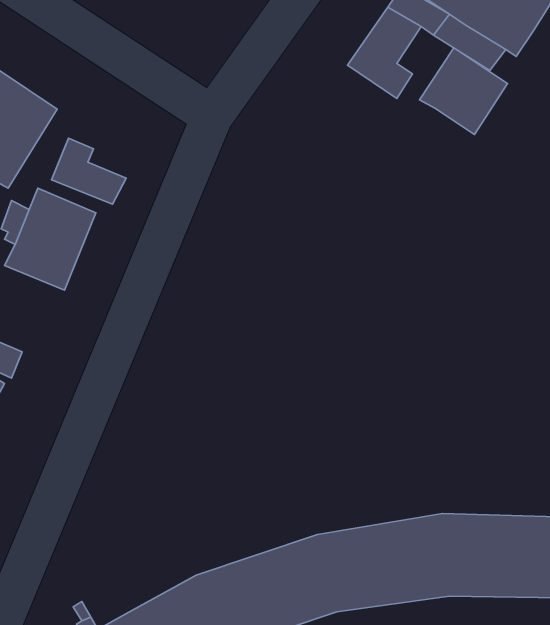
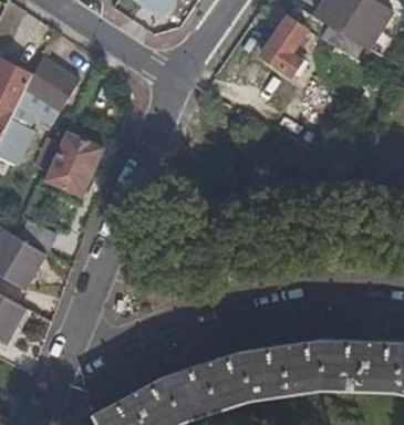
building: [419,48,508,135] -> none
building: [51,138,126,204] -> none

